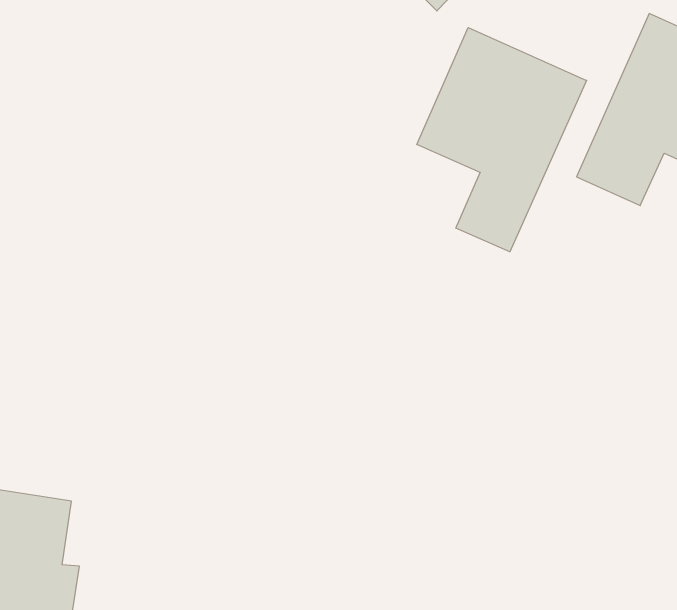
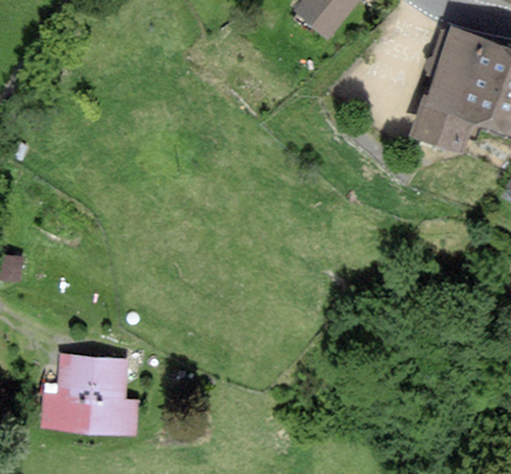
building: [417,28,587,252] -> none

